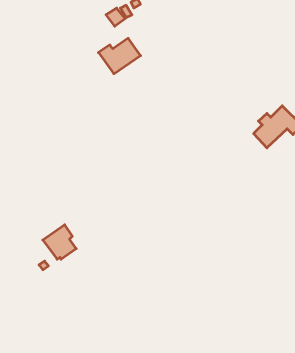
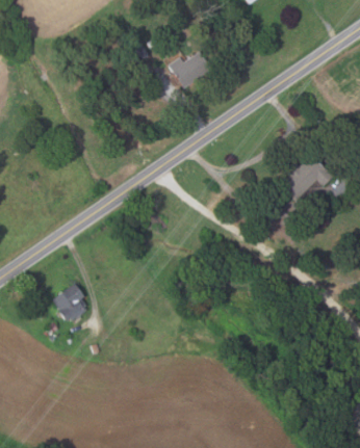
building: [98,38,141,74] -> [168,51,213,89]

